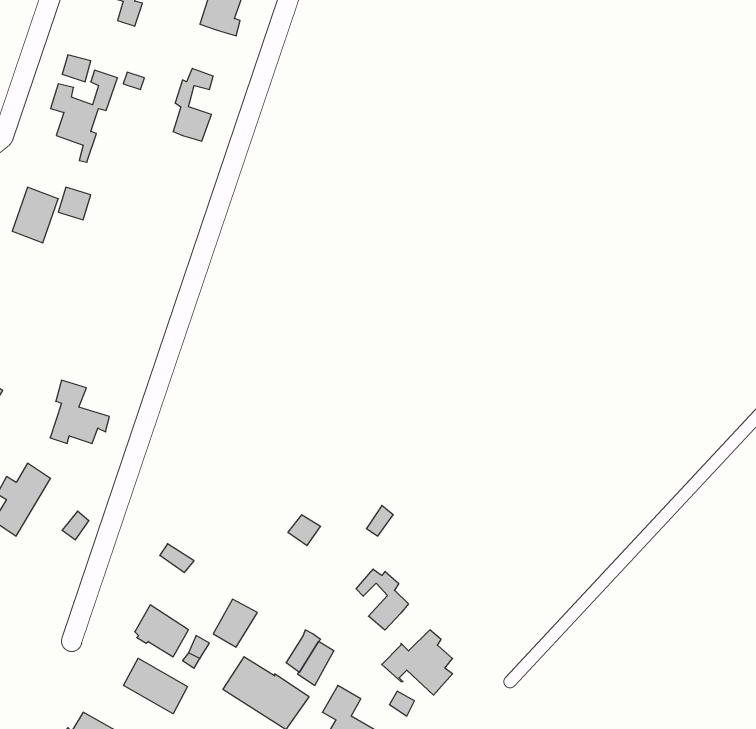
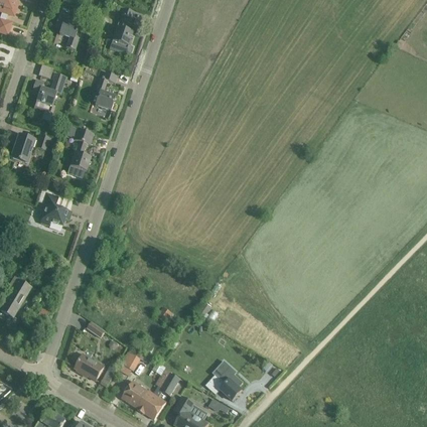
building: none -> [69,128,93,171]
building: [50,380,109,443] -> [39,192,70,226]
building: [356,569,408,630] -> none
building: [124,658,188,714] -> none

